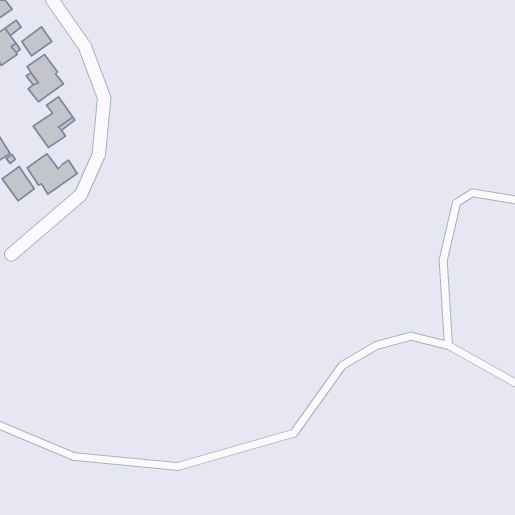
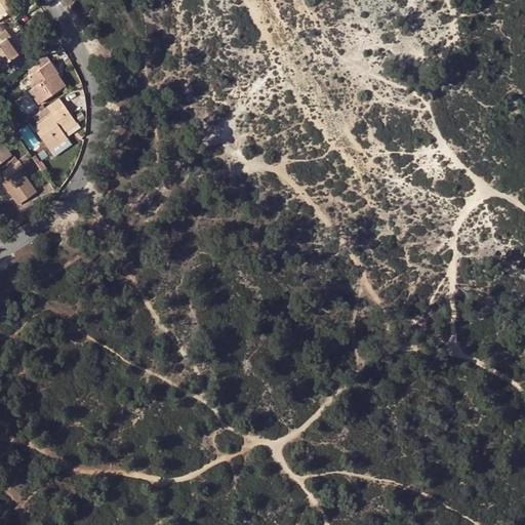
building: [22,27,52,56] -> none
building: [27,154,77,194] -> none

